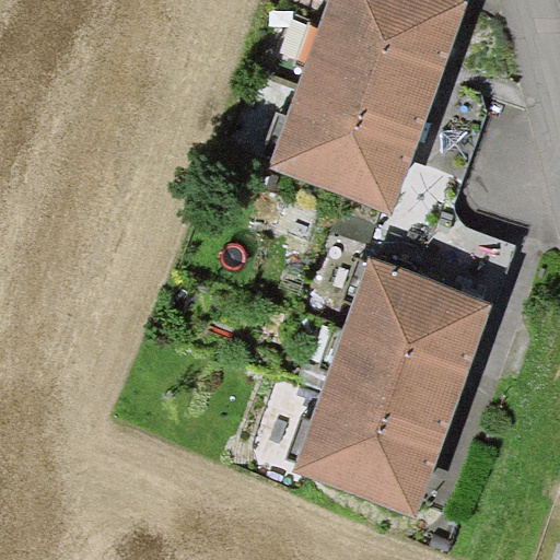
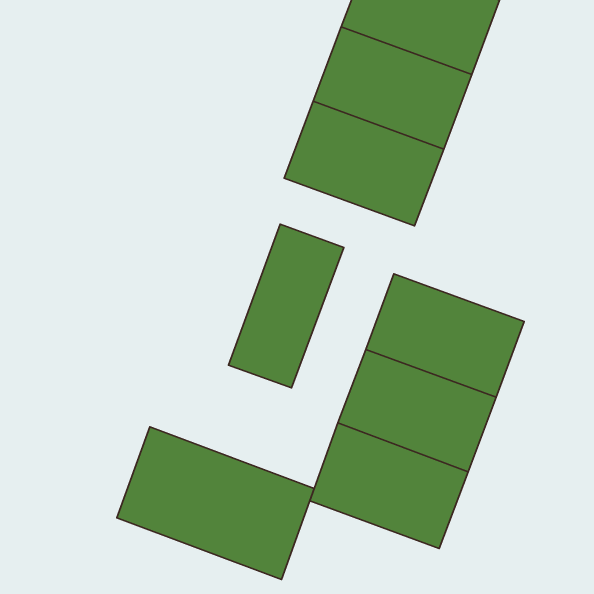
building: none -> [228,224,344,388]
building: none -> [117,427,314,579]

